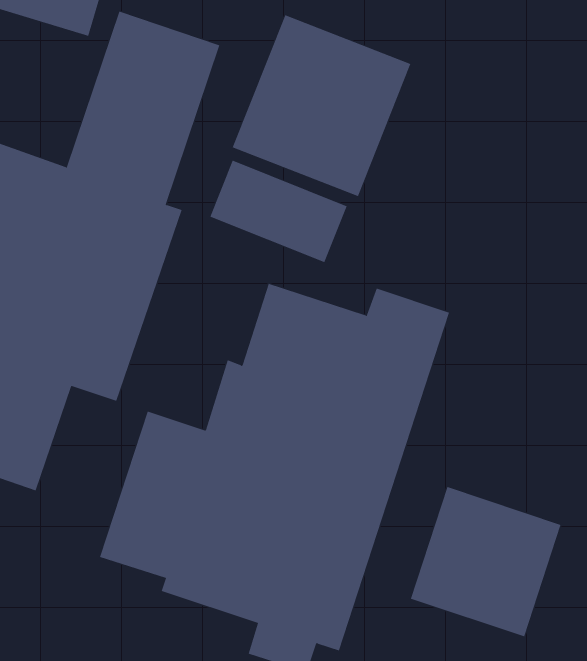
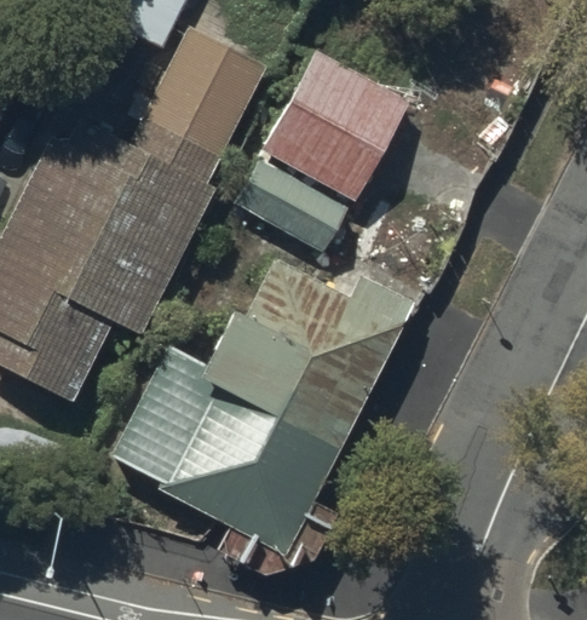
building: [410,486,561,637] -> none

